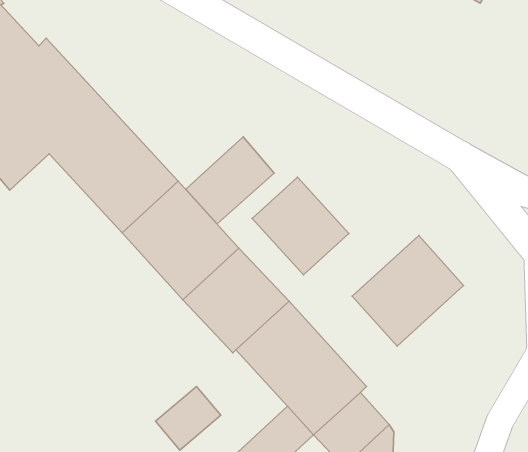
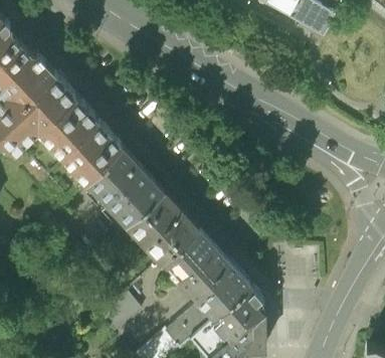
building: [186,137,274,224] -> none
building: [252,177,349,275] -> none
building: [352,235,464,346] -> none

